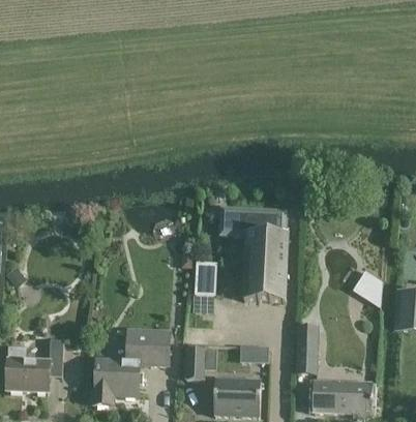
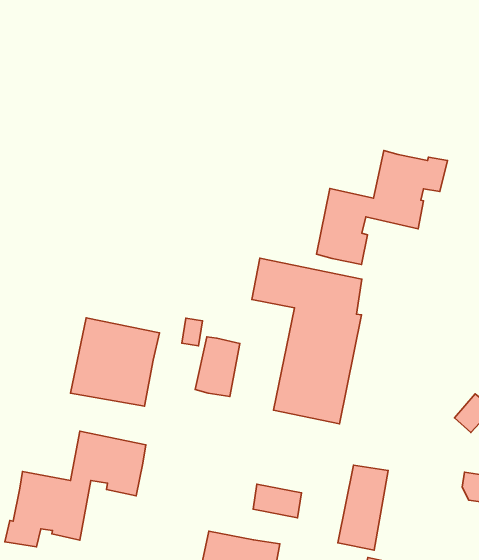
building: none -> [316,151,448,264]
building: none -> [71,318,160,406]
building: [186,349,205,380] -> none

